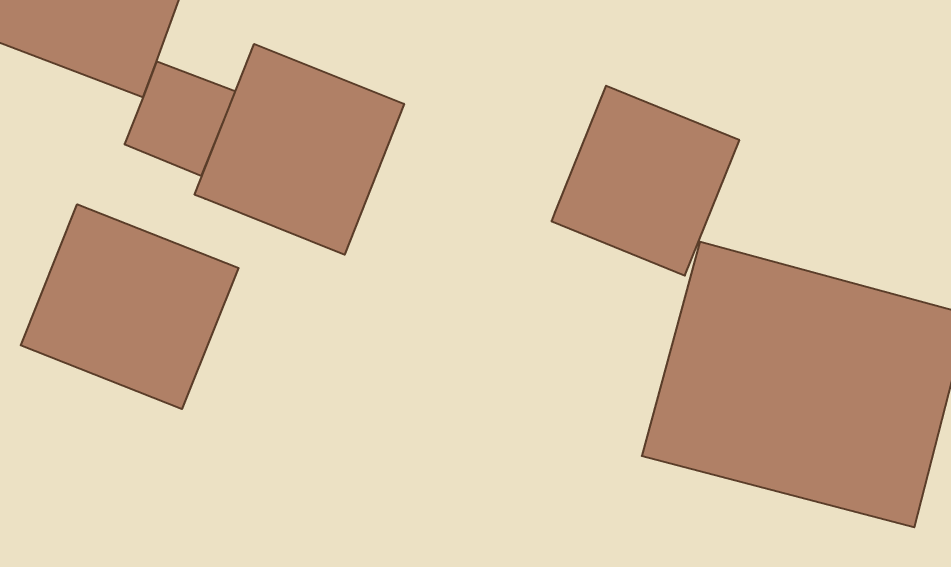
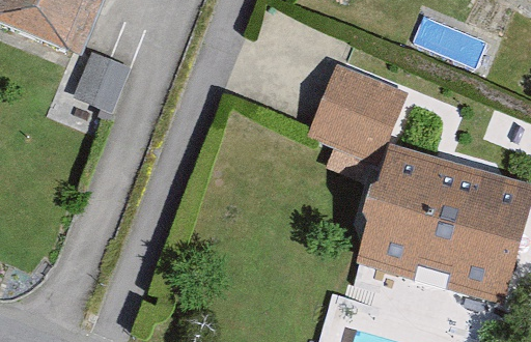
building: [195,44,404,255] -> none
building: [21,204,239,409] -> none

